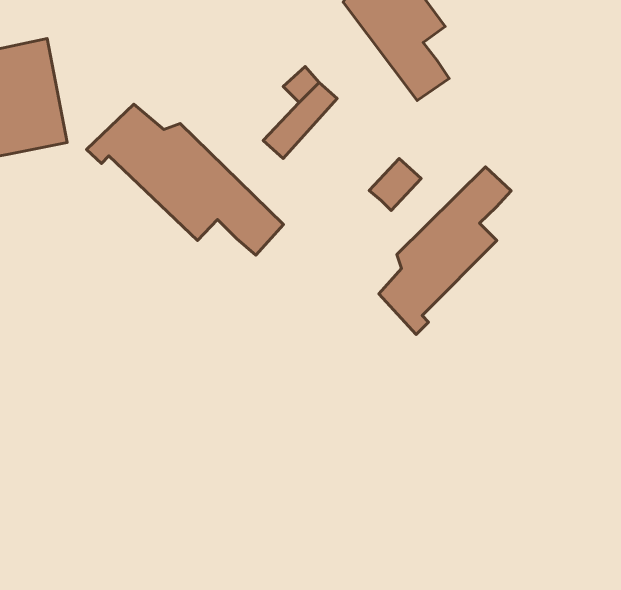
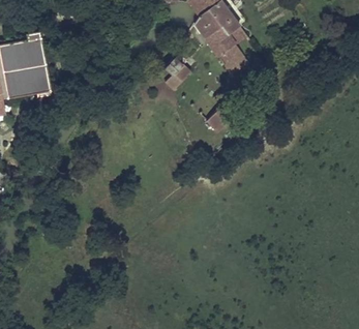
building: [87,104,283,255] -> none
building: [379,167,511,335] -> none

